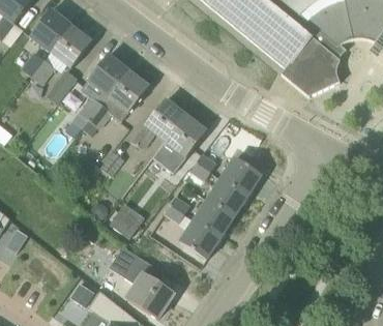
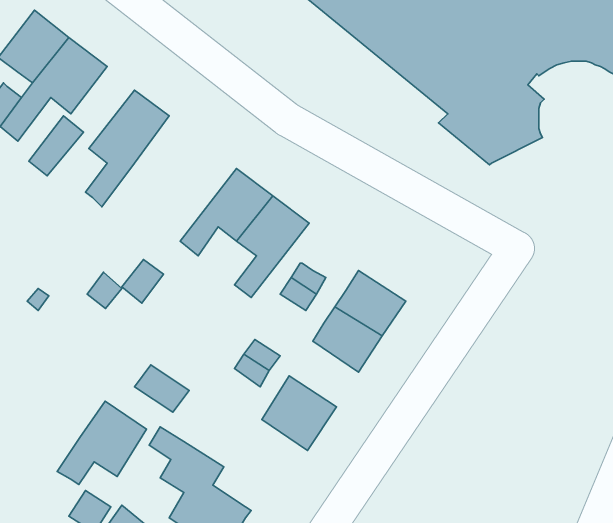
building: [88,68,148,127] -> none
building: [195,197,234,234] -> none
building: none -> [57,401,146,485]

